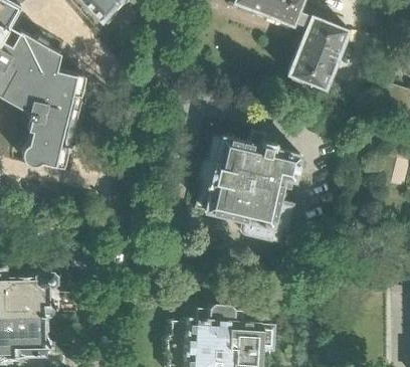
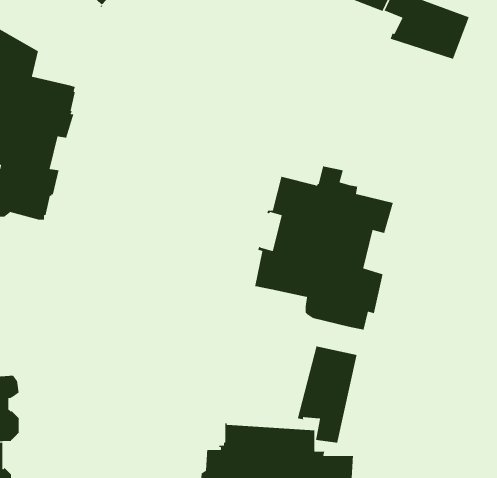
building: [287,46,341,93] -> none
building: none -> [297,345,358,443]

